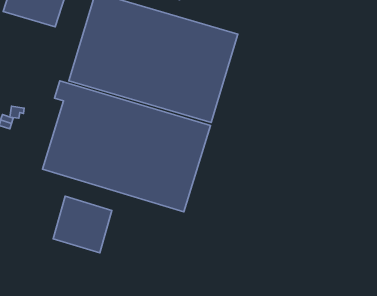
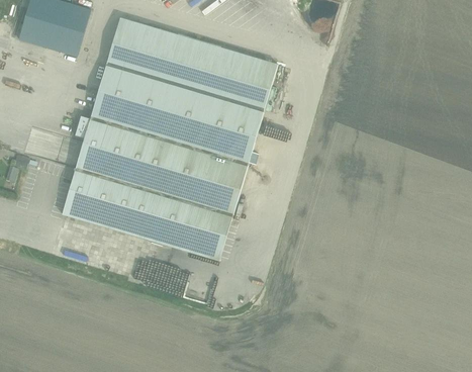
building: [53,196,112,253] -> none

